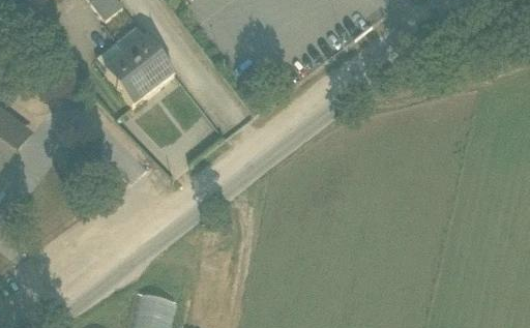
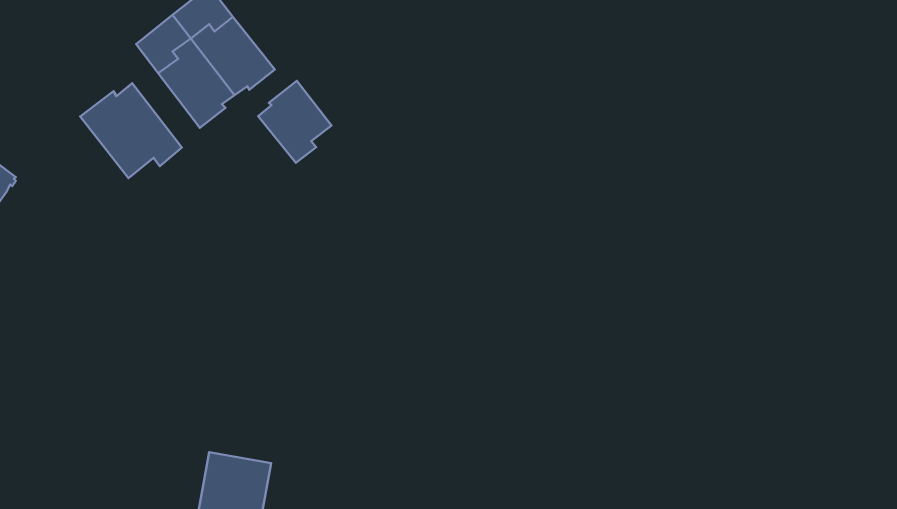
building: none -> [258,81,331,163]
building: none -> [80,83,182,178]

